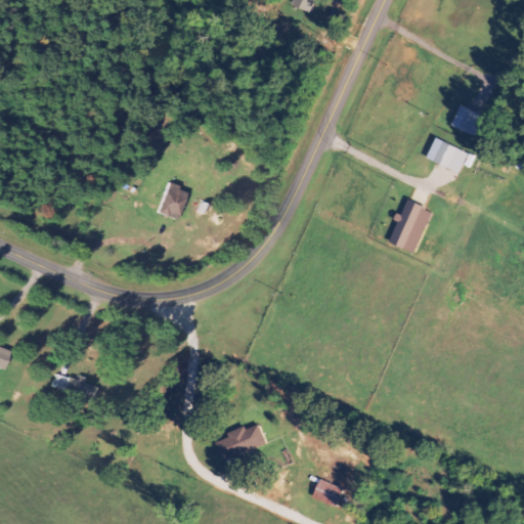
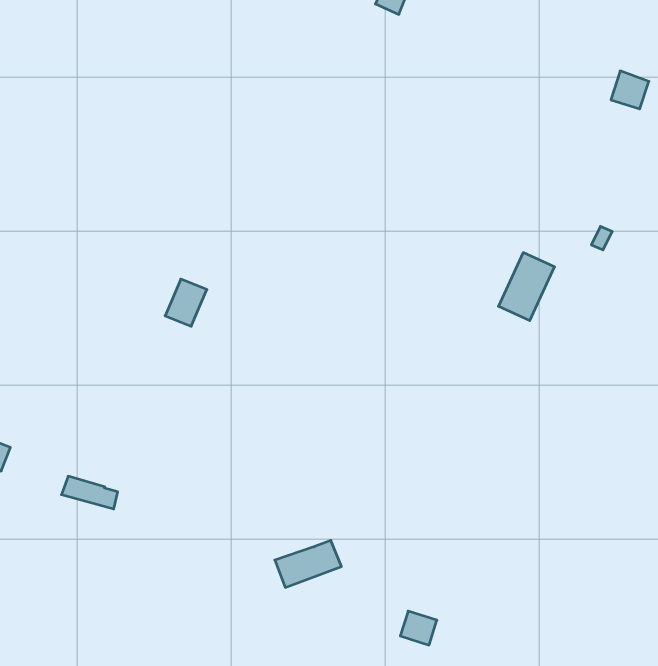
building: [453,103,483,133] -> [611,71,649,109]
building: [427,136,469,172] -> none
building: [152,182,185,219] -> [165,279,207,326]

